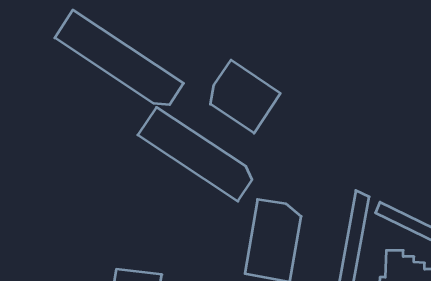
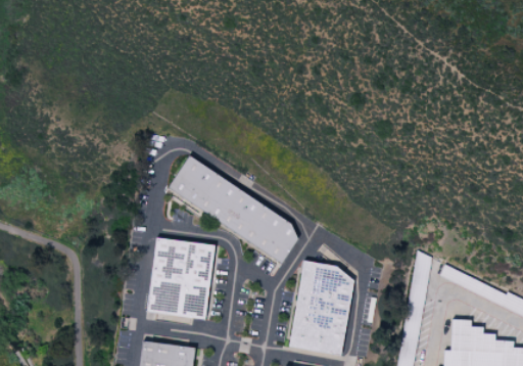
building: [55,10,184,105] -> none
building: [210,60,280,133] -> none
building: none -> [147,237,215,320]

